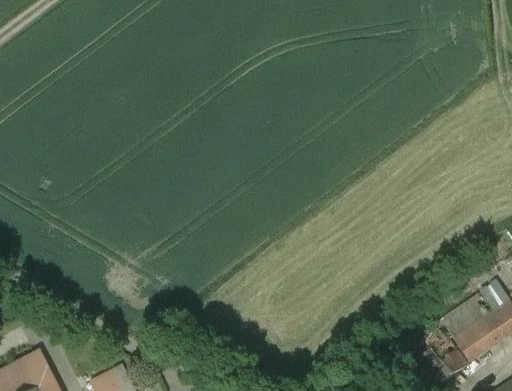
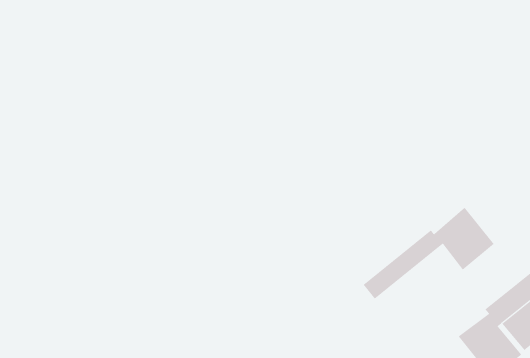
building: none -> [363,207,495,300]

